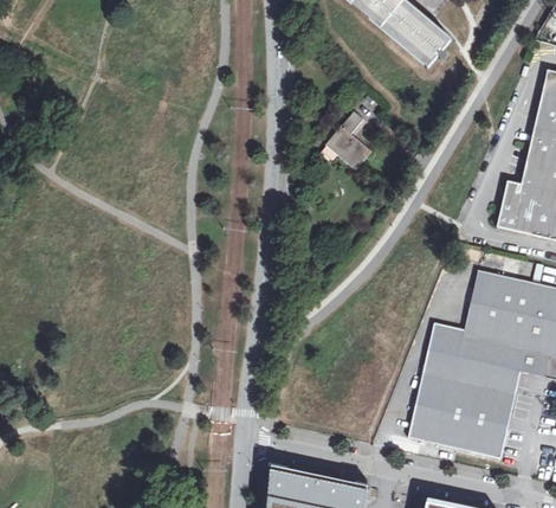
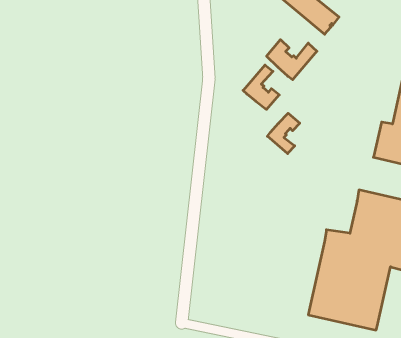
building: none -> [267,40,317,80]
building: none -> [267,113,300,154]

